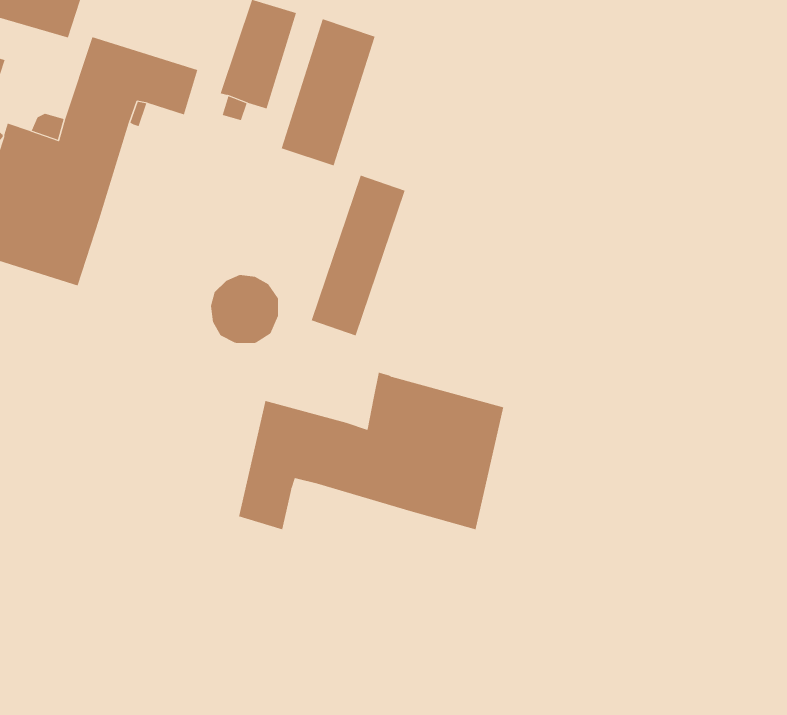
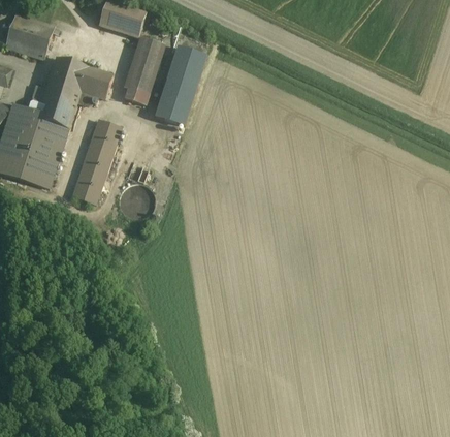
building: [311,175,405,336] -> [72,120,122,205]
building: [238,372,504,530] -> none

